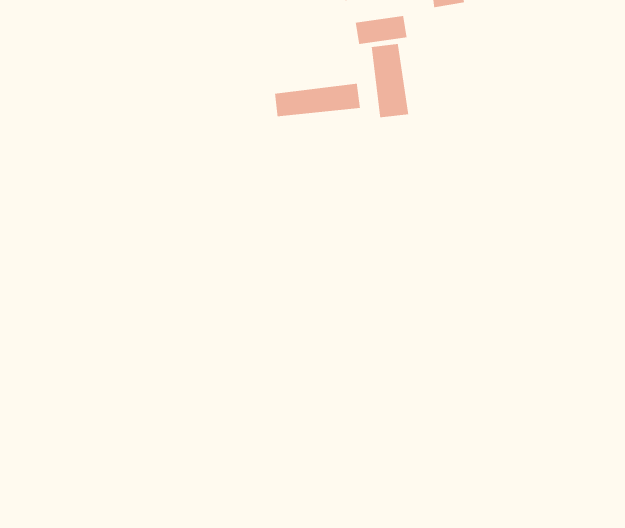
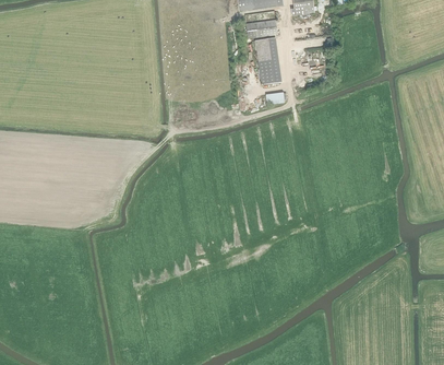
building: [274,83,361,117] -> none

